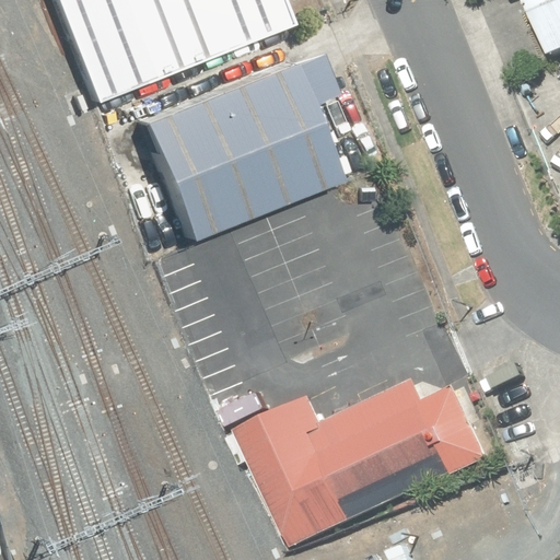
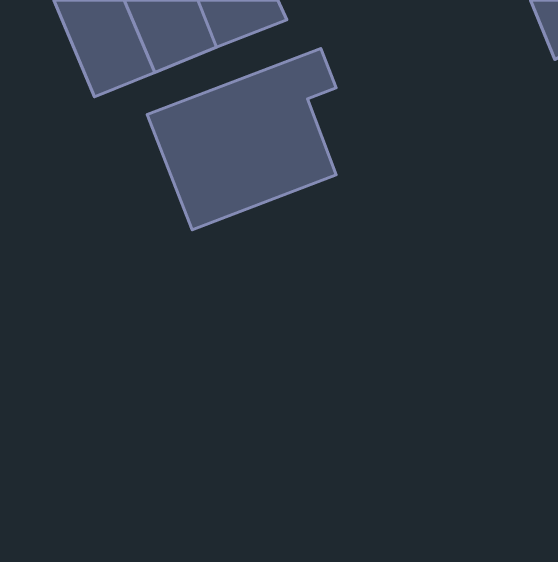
building: [247,384,464,547] -> none

